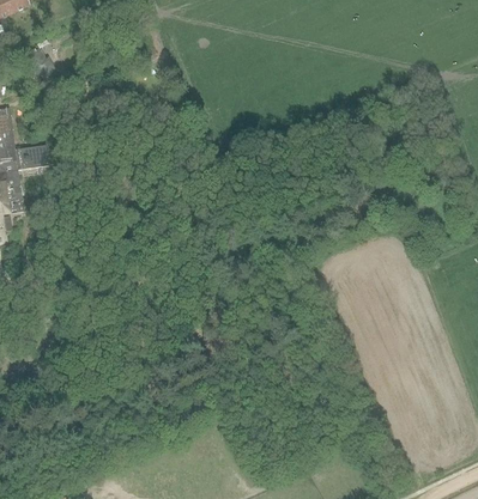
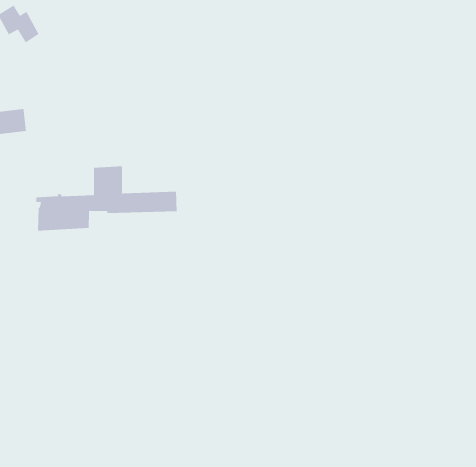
building: none -> [35,166,178,231]

